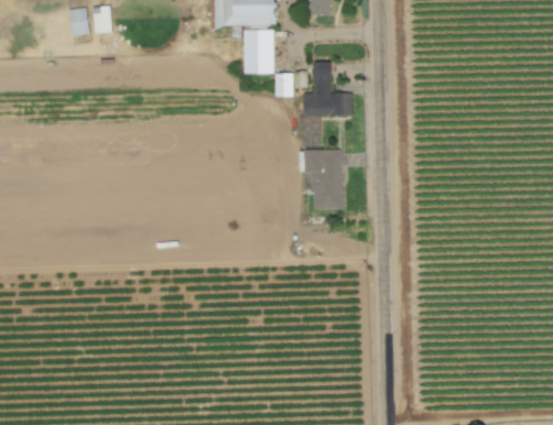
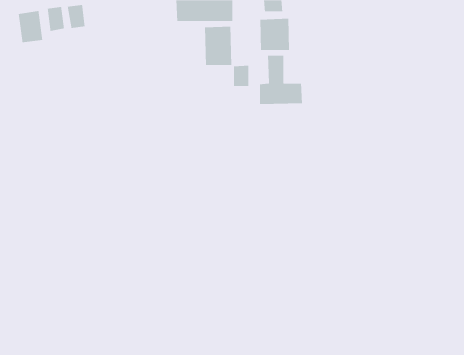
building: none -> [18,10,43,43]
building: none -> [259,18,290,51]
building: [305,150,344,210] -> none

